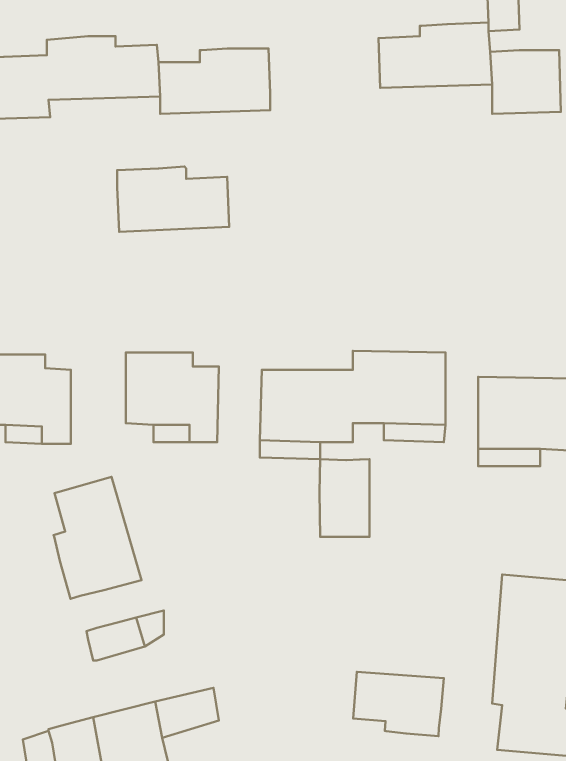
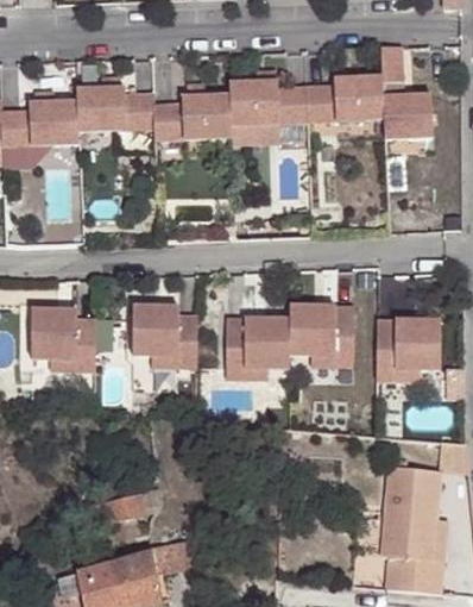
building: [117,167,229,232] -> [231,81,308,126]
building: [319,459,370,537] -> none
building: [54,477,141,599] -> none
building: [353,672,444,736] -> none

